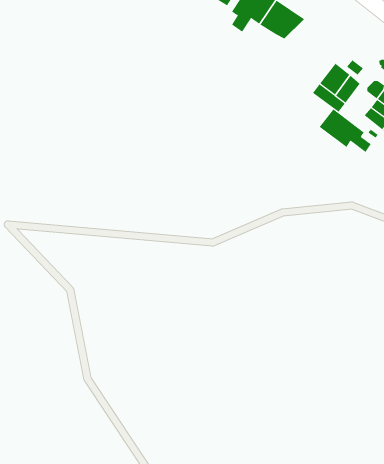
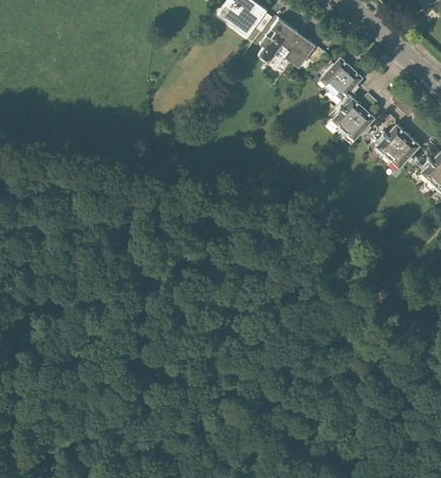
building: none -> [320,59,363,101]
building: [319,109,371,153] -> none

